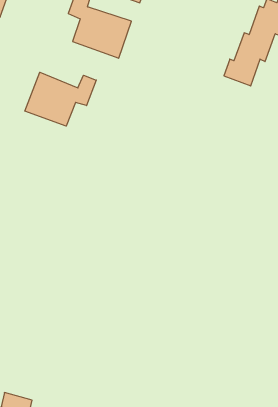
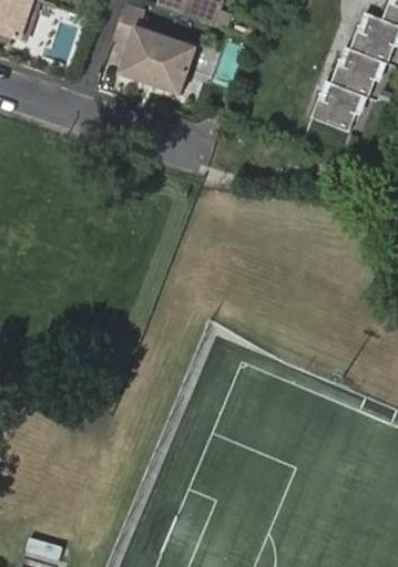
building: [25,72,96,126] -> none

